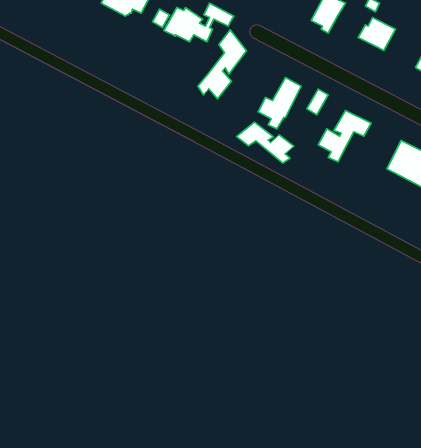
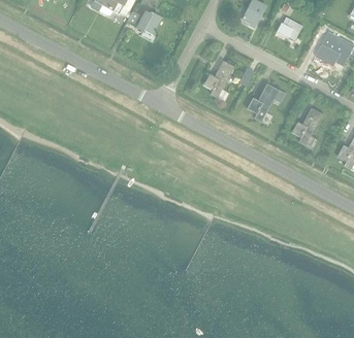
building: [198,30,246,99] -> none
building: [237,122,294,163] -> none

